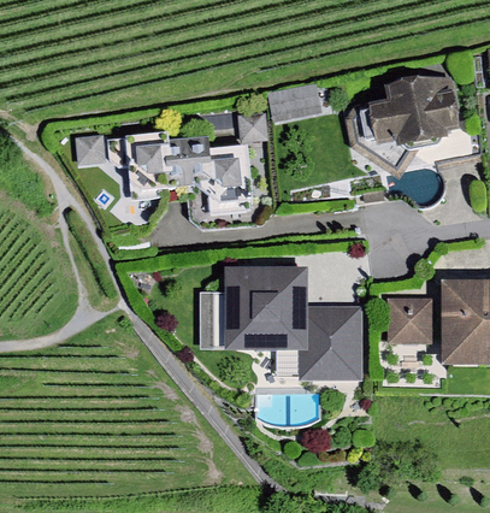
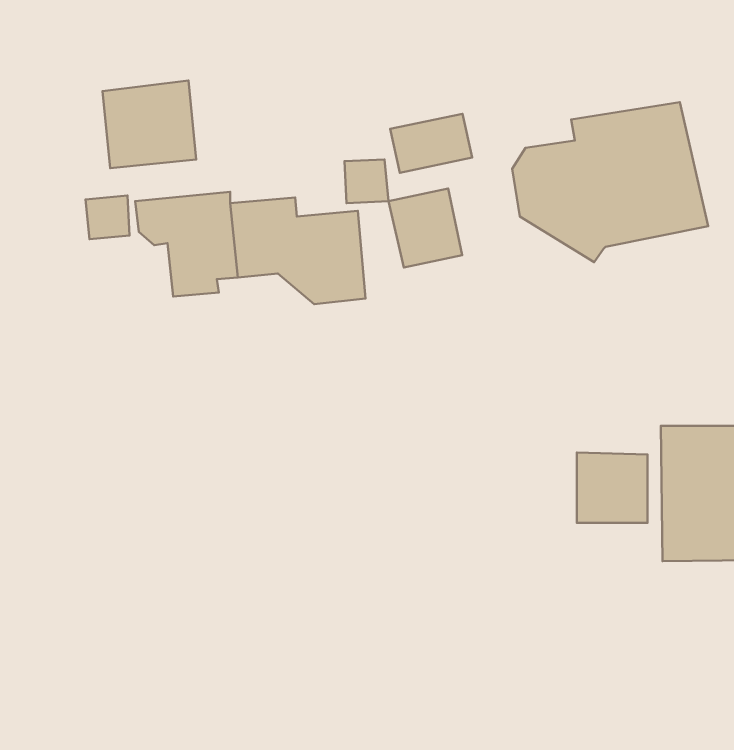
building: none -> [103,80,196,168]
building: none -> [388,189,462,267]
building: [200,266,359,373] -> none

